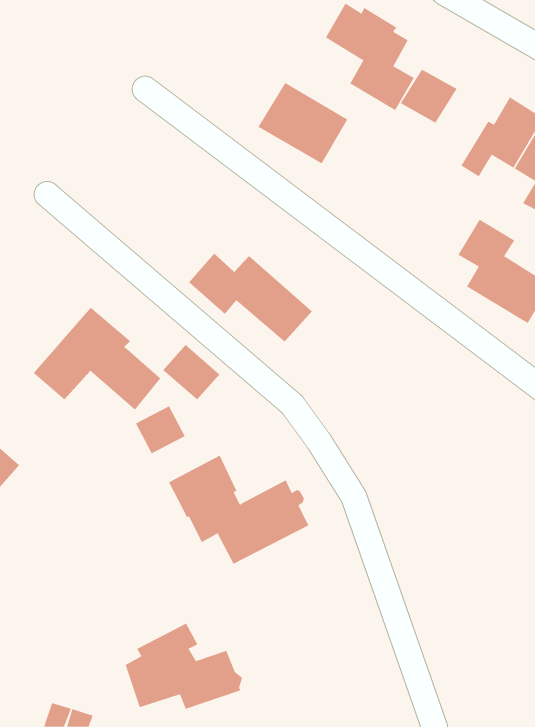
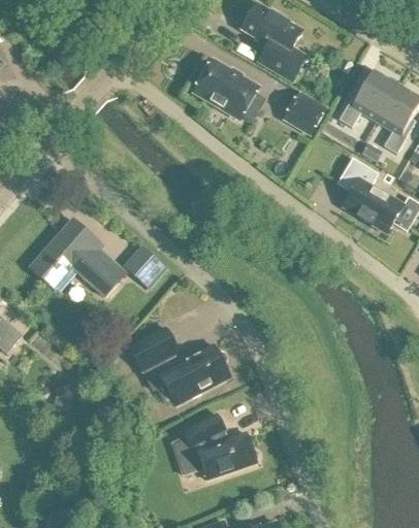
building: [400,69,458,123] -> [283,93,324,132]
building: [188,253,313,343] -> none
building: [135,406,186,454] -> none
building: [125,623,243,709] -> [171,412,256,474]

